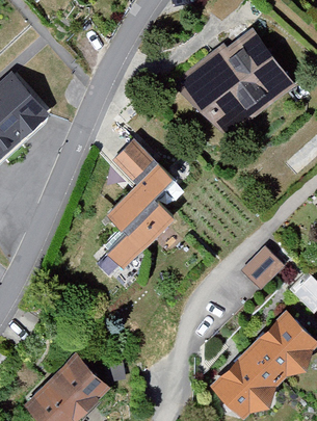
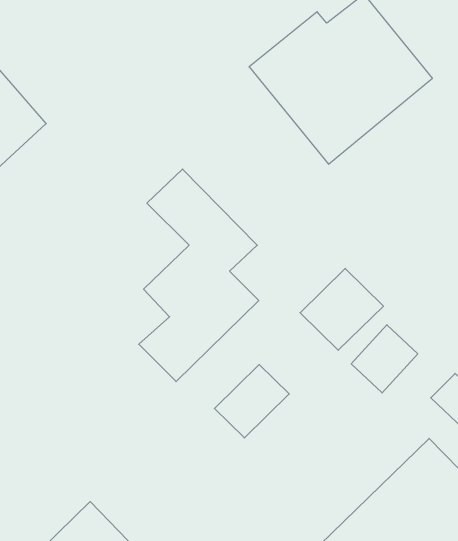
building: none -> [300,268,383,350]
building: none -> [214,365,289,438]

